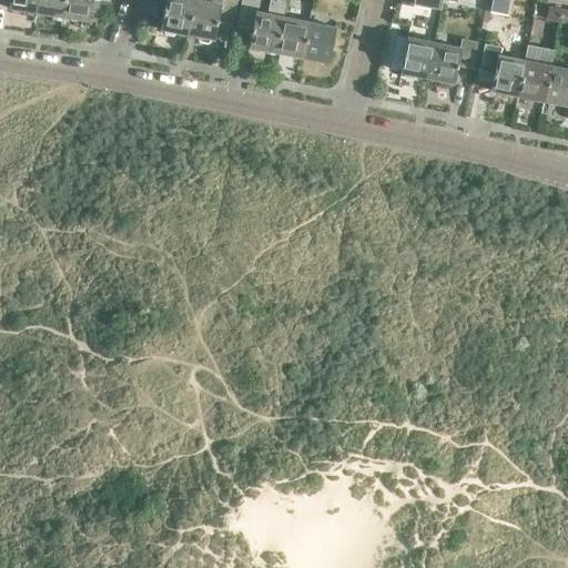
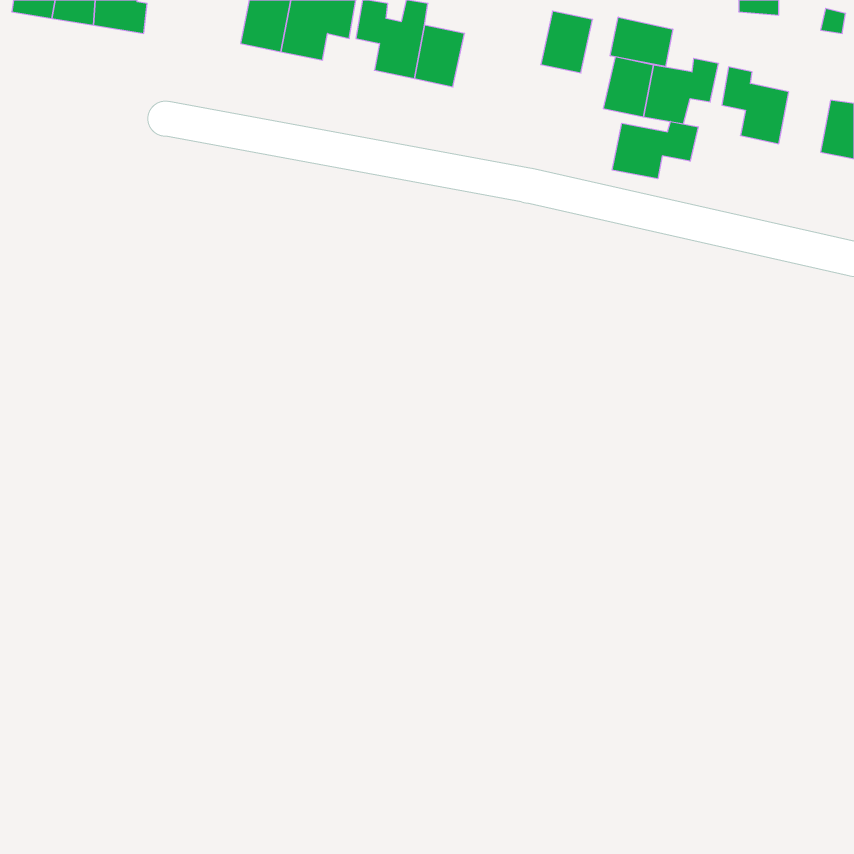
building: none -> [610,17,673,67]
building: [301,22,335,63] -> [541,11,593,73]
building: [517,45,555,101] -> none
building: none -> [612,121,698,179]

